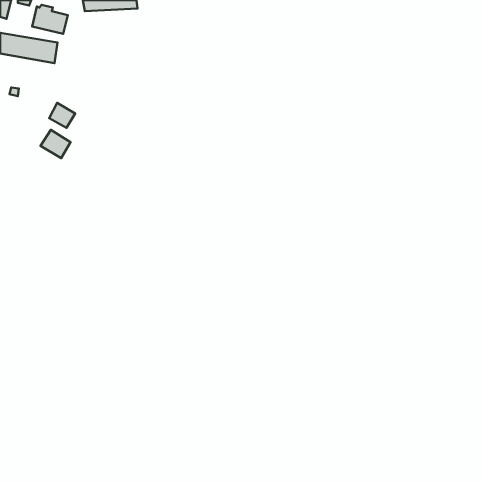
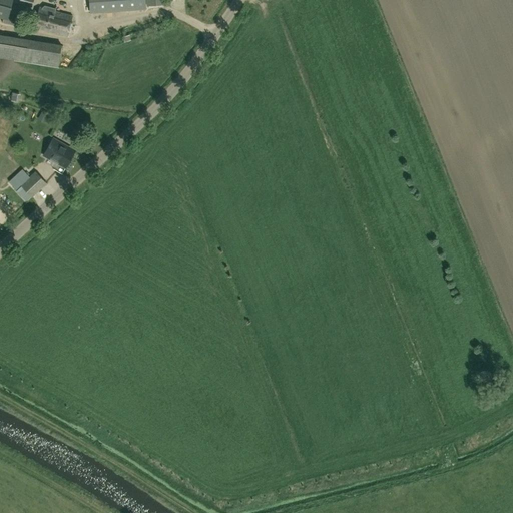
building: [49,103,75,128] -> none
building: none -> [17,171,47,197]

